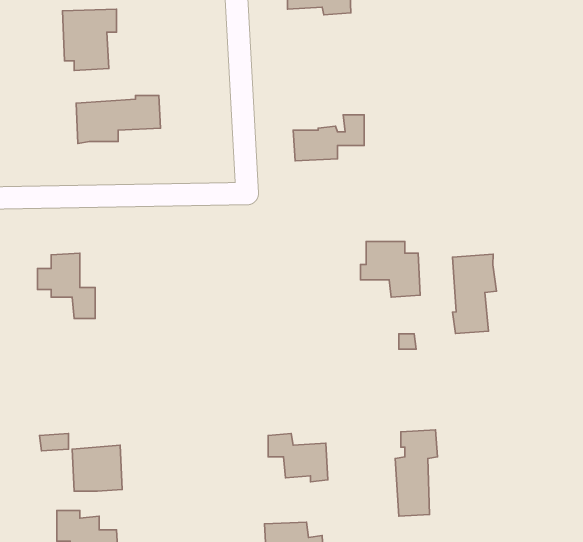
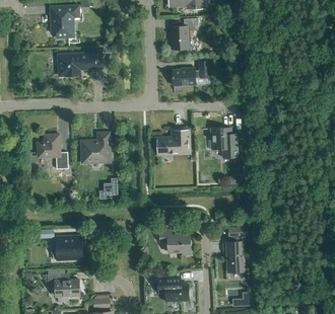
building: none -> [171,19,198,50]
building: none -> [157,130,189,154]
building: none -> [81,133,111,164]
building: [452,254,497,333] -> none

